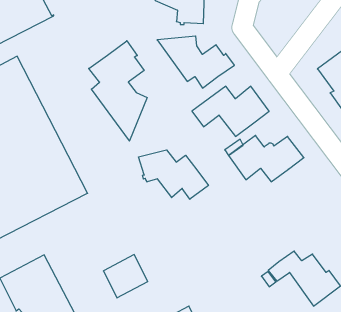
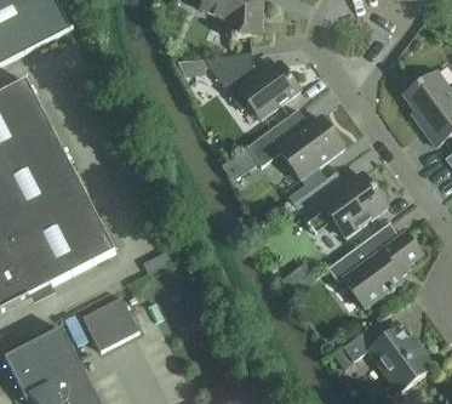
building: [89,41,147,141] -> none
building: [139,150,208,199] -> none
building: none -> [327,228,422,307]
building: [103,255,148,298] -> [82,296,138,351]

